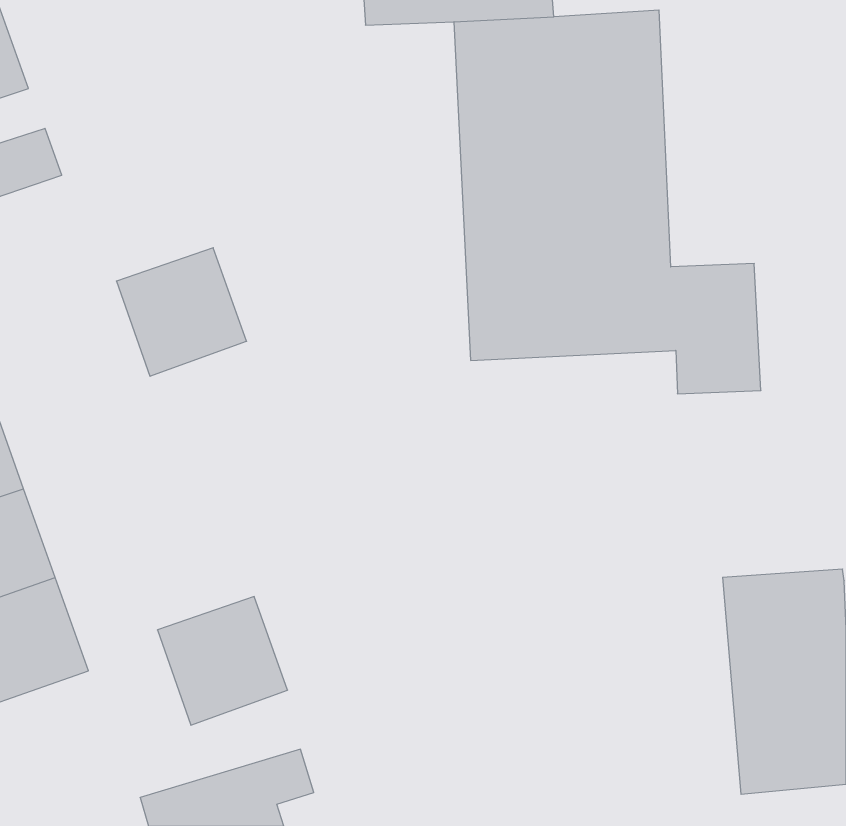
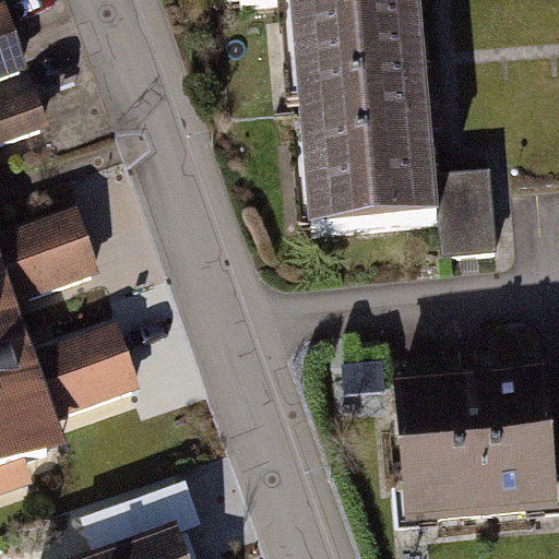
building: [116,248,247,376] -> [5,201,91,285]
building: none -> [397,378,485,525]
building: [157,597,288,725] -> [46,317,131,401]

